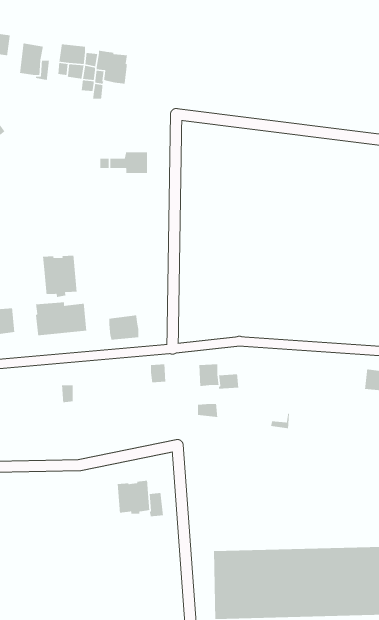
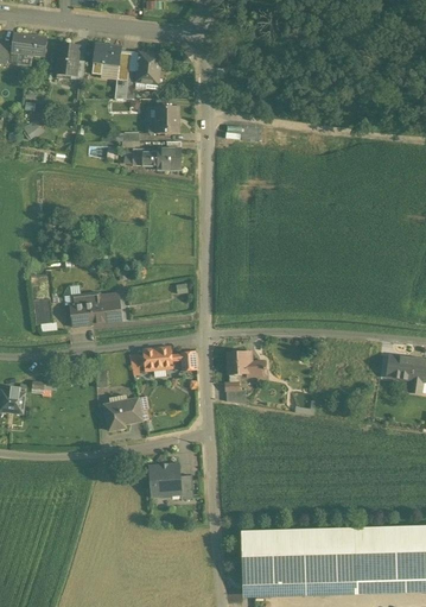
building: none -> [155,106,177,133]
building: [42,255,77,298] -> none
building: [108,314,139,340] -> [142,344,172,369]
building: none -> [104,400,141,430]

